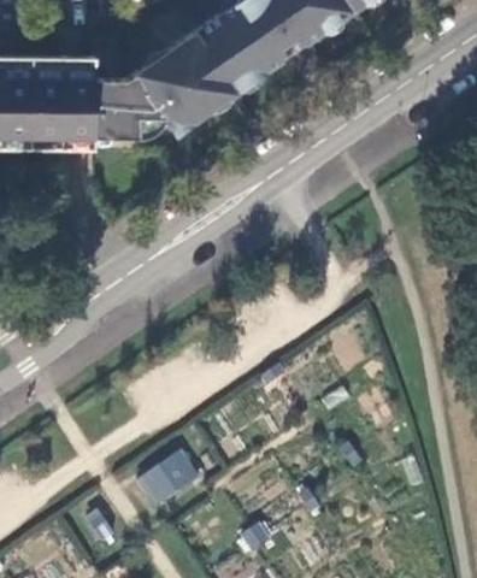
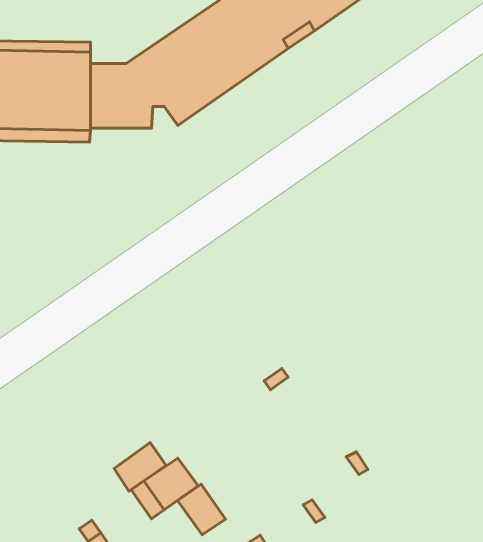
building: none -> [114,443,166,491]
building: none -> [178,484,226,535]

